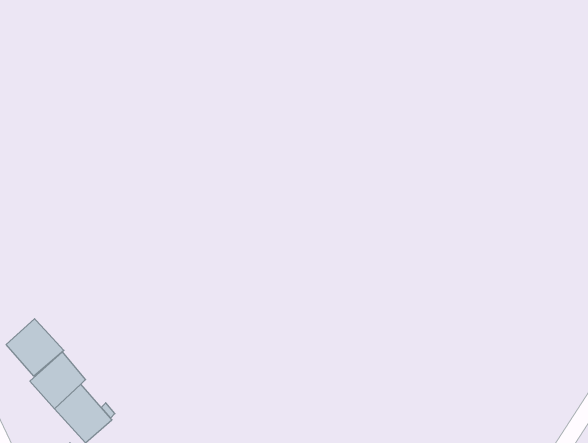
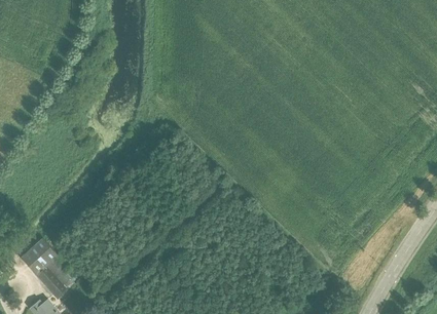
building: [6,319,64,376] -> none

